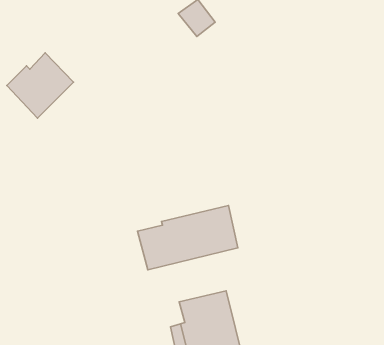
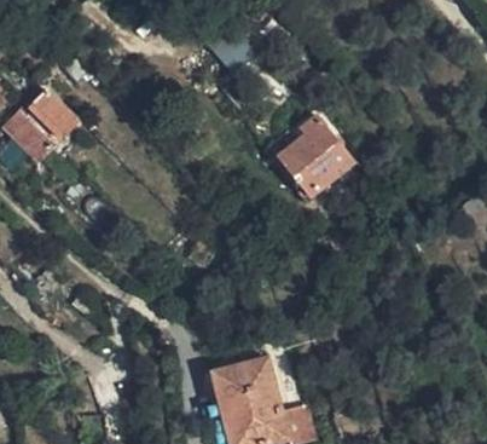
building: none -> [272,114,350,195]
building: [138,206,238,270] -> none

